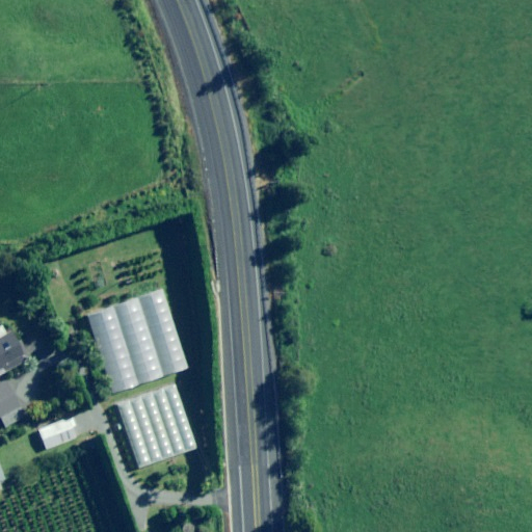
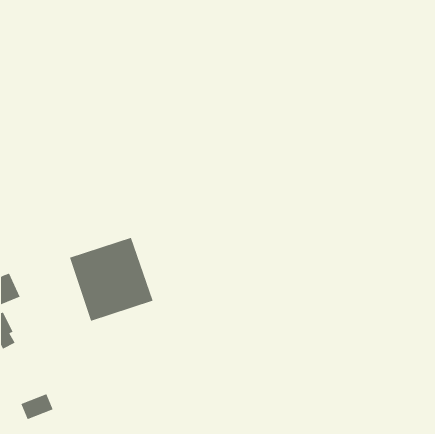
building: [116,383,196,467] -> none
building: [37,416,78,448] -> [20,393,54,420]

